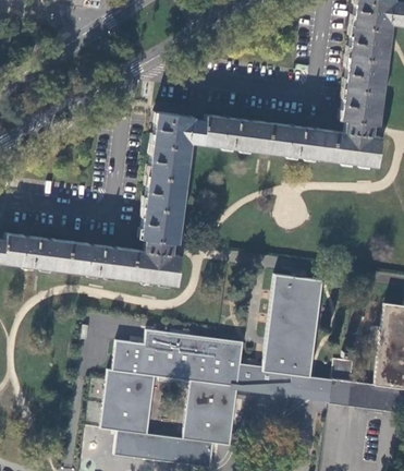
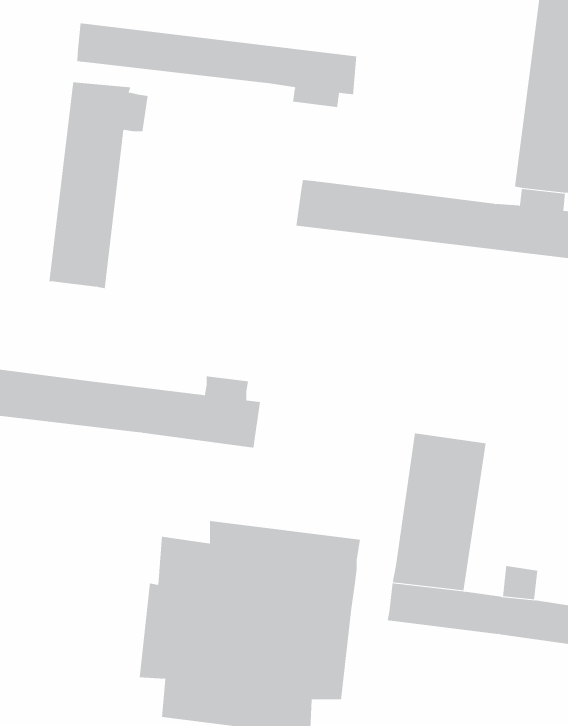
building: none -> [77,22,357,108]
building: [144,113,207,244] -> [49,82,148,289]
building: [240,357,267,389] -> none

